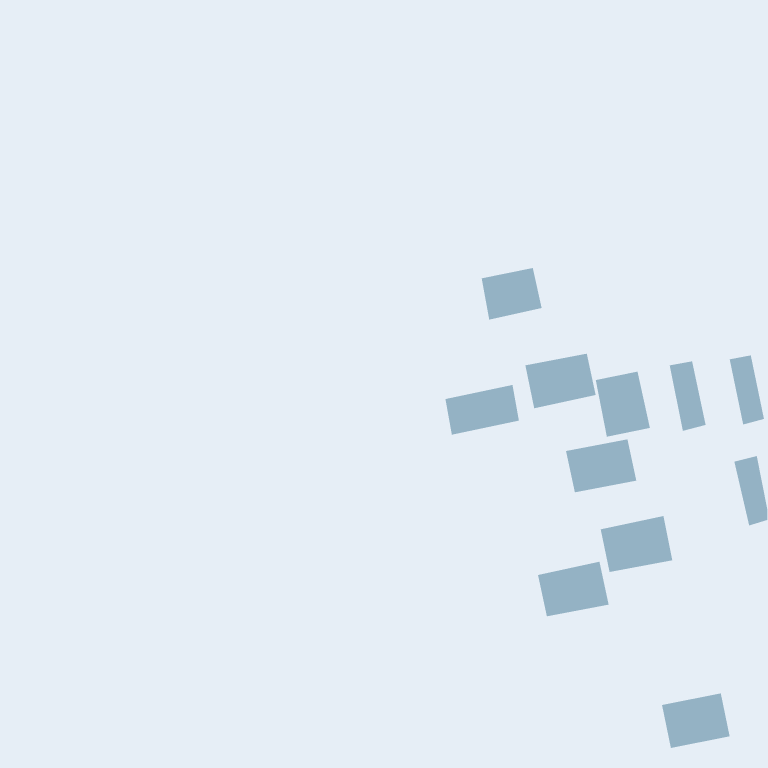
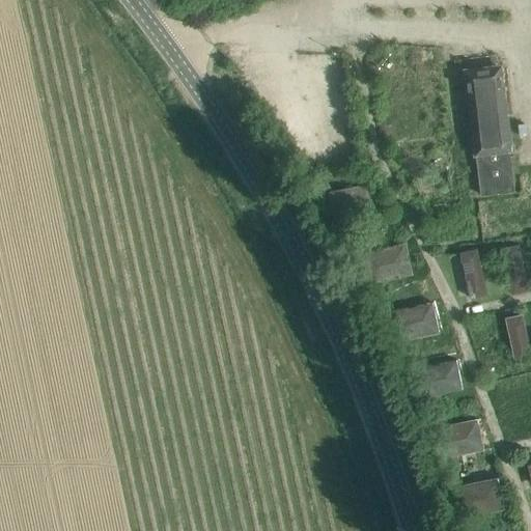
building: none -> [467,67,515,195]
building: [595,371,651,438] -> none
building: [445,384,520,436] -> none
building: [537,561,609,617] -> [435,419,484,457]

